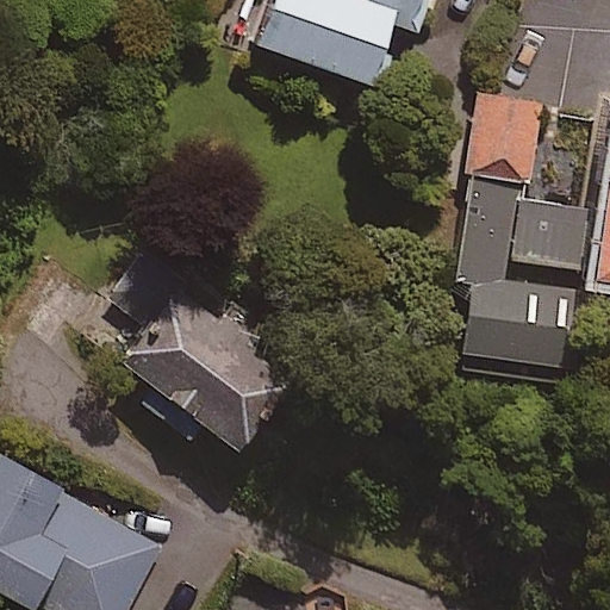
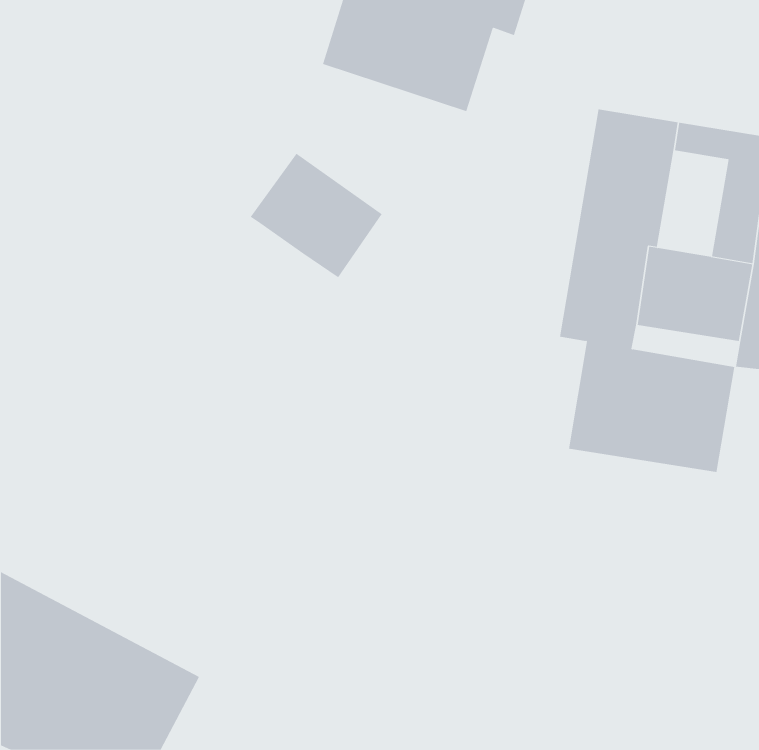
building: none -> [250,153,383,278]
building: [111,235,297,462] -> none

